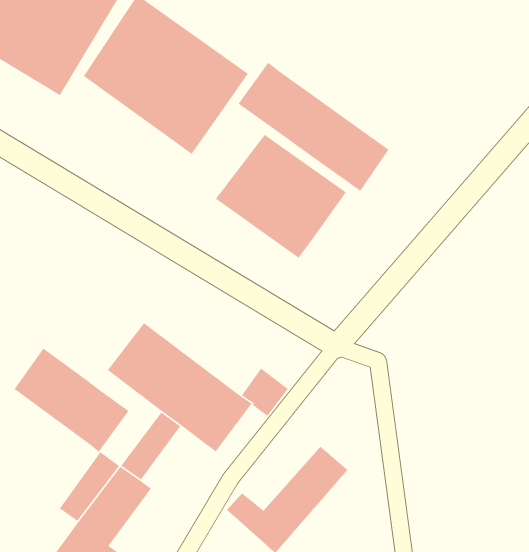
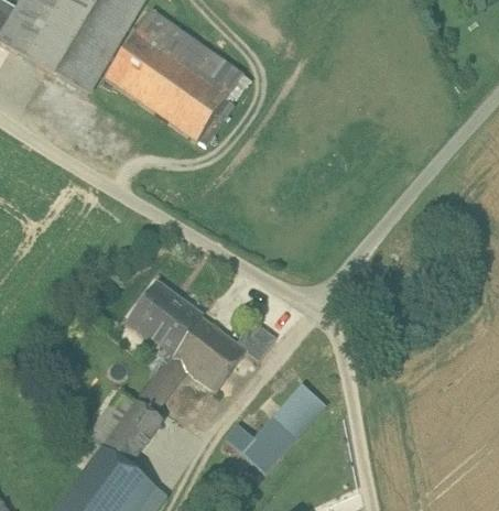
building: [238,62,389,192] -> none
building: [215,134,347,259] -> none
building: [14,347,130,453] -> none

